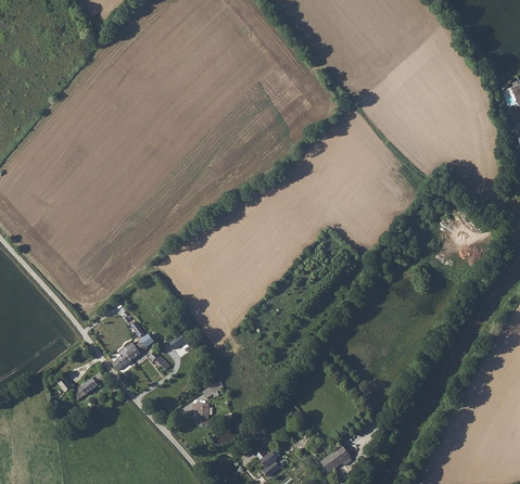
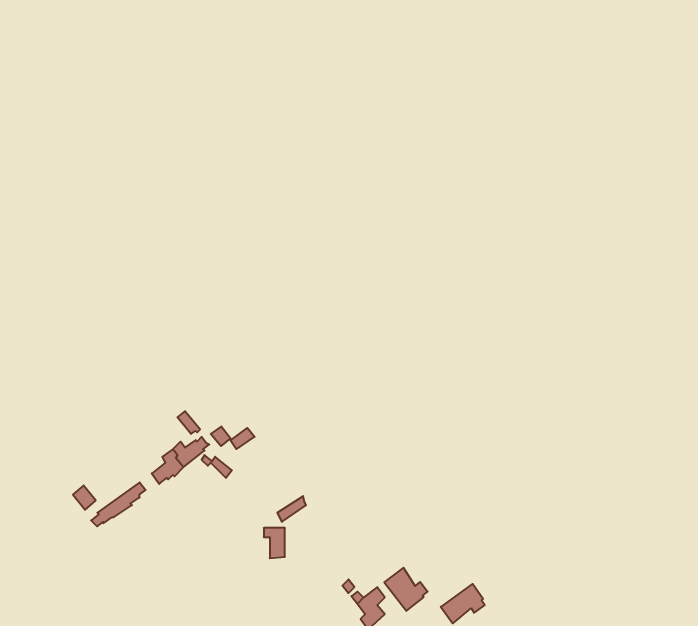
building: none -> [384,568,428,611]

